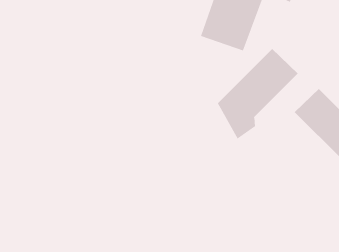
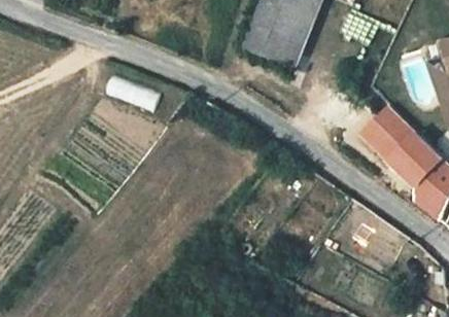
building: [217,48,298,139] -> none

